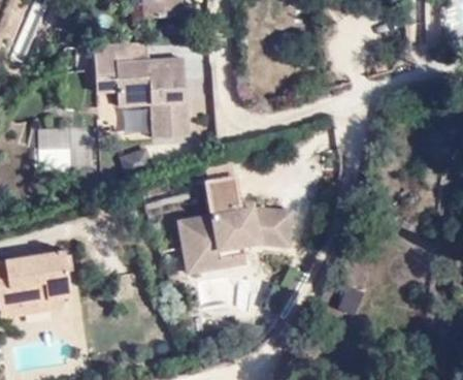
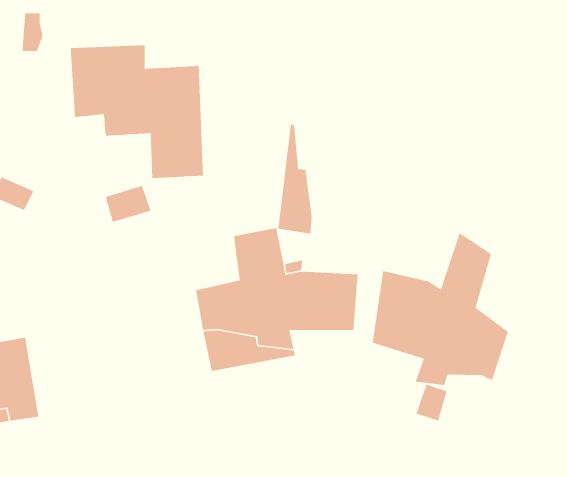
building: none -> [277,123,312,235]
building: none -> [372,232,509,386]

